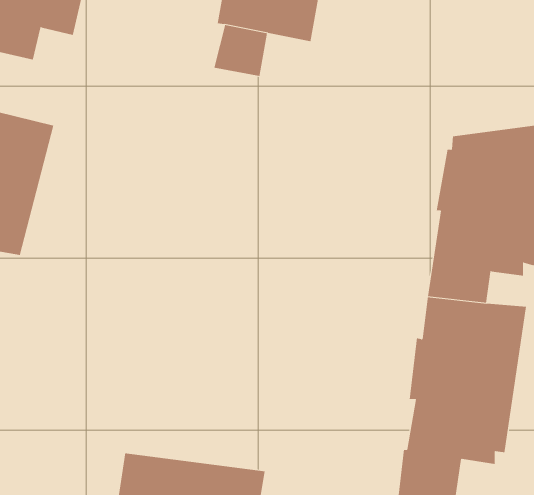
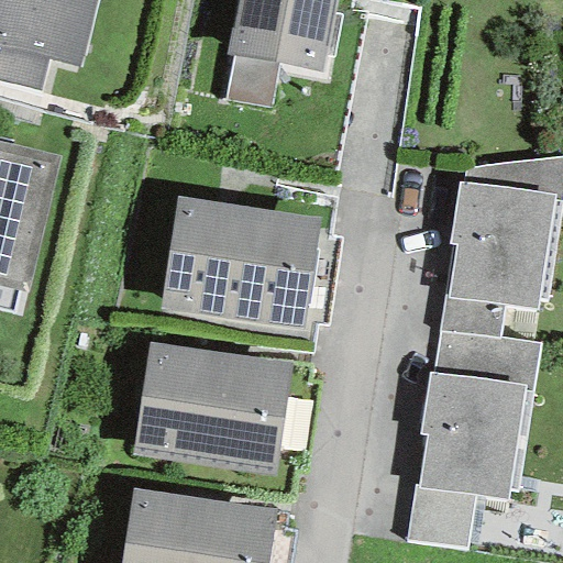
building: none -> [161,196,320,330]
building: none -> [132,342,294,476]

